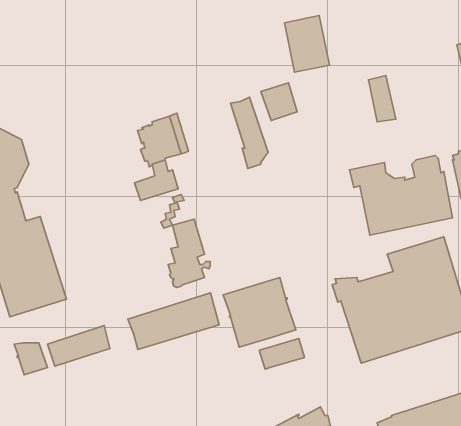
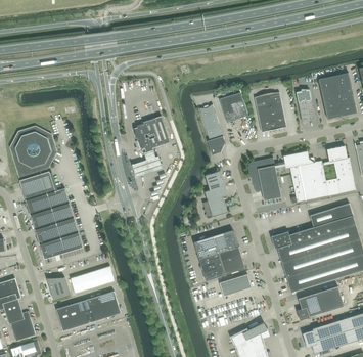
building: [284,16,329,72] -> [254,92,285,132]
building: none -> [318,73,356,119]
building: none -> [247,158,280,200]
building: [168,219,210,288] -> [201,171,231,219]
building: [128,293,219,350] -> [55,291,120,330]
building: none -> [296,285,344,320]

